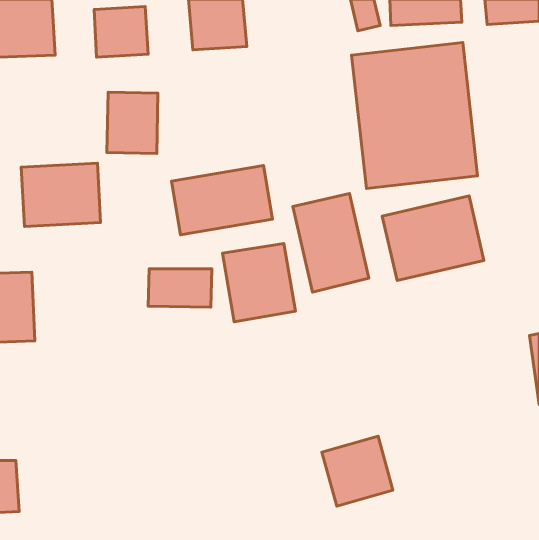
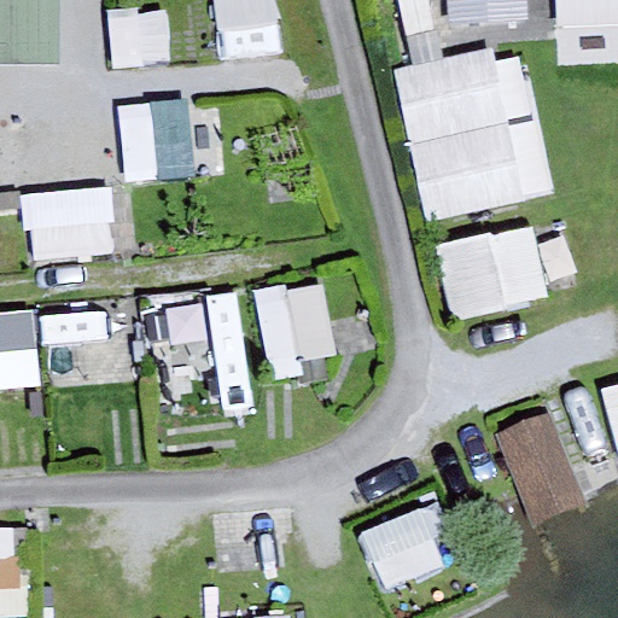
building: [171,166,273,235] -> none
building: [293,193,369,292] -> none
building: none -> [494,409,590,526]

